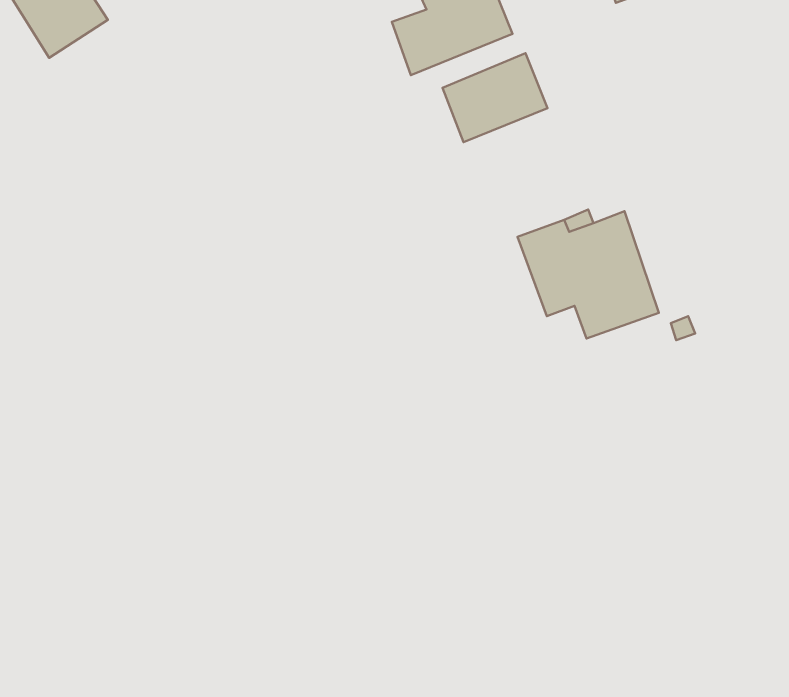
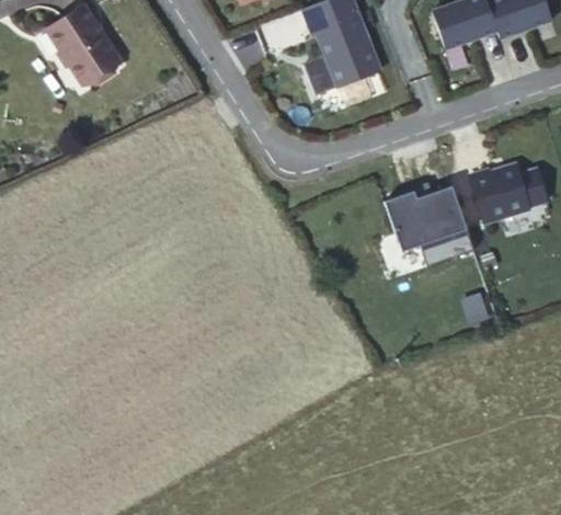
building: [442,53,548,142] -> none
building: none -> [471,164,546,222]

